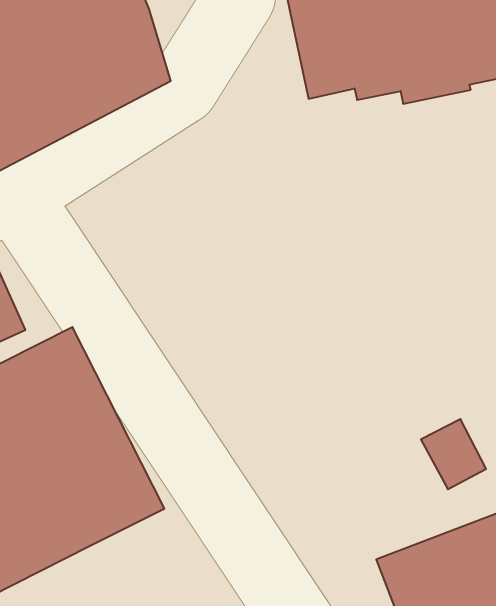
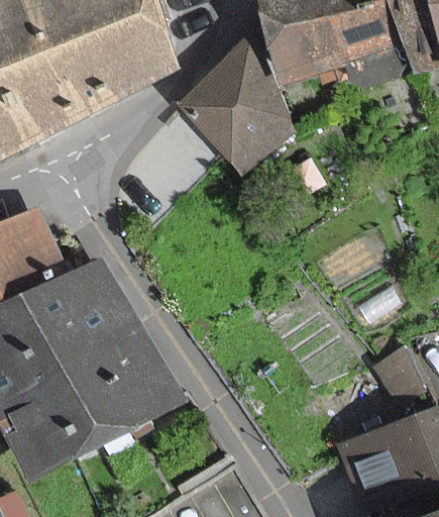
building: none -> [187,44,290,171]

